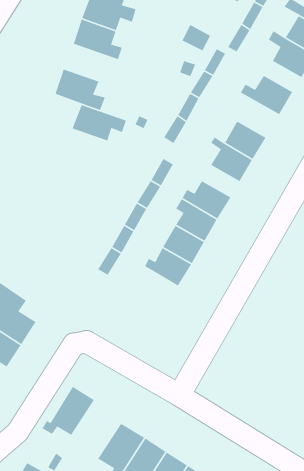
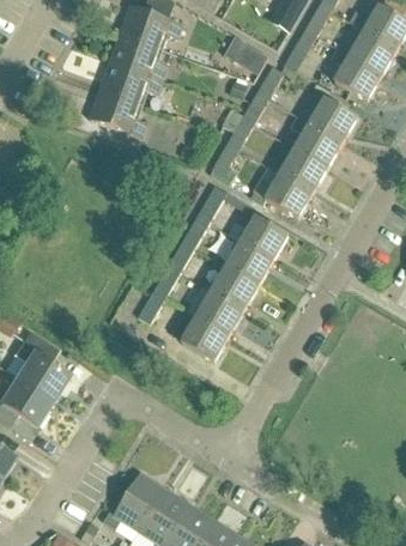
building: none -> [289,115,343,168]
building: [71,104,127,142] -> [99,62,162,104]
building: none -> [181,316,229,362]
building: [42,386,95,436] -> [104,473,164,529]

